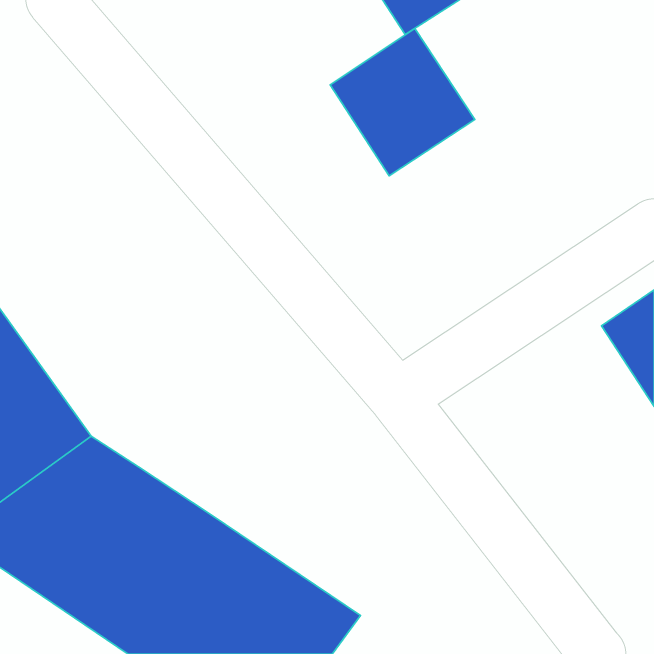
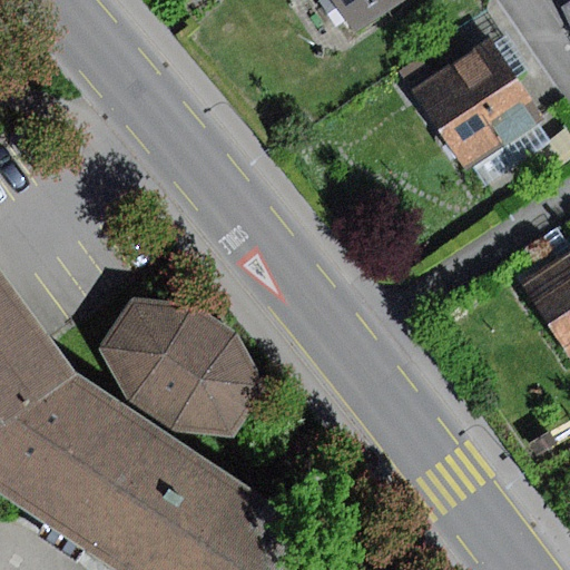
building: [330,28,475,176] -> [414,39,540,167]
building: none -> [100,301,265,446]

